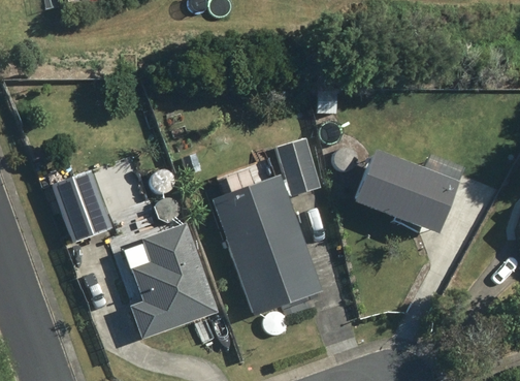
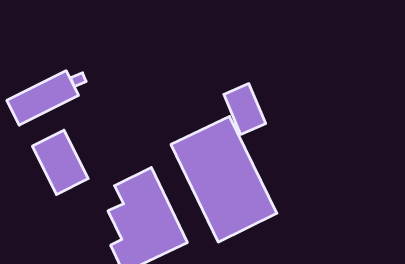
building: none -> [7,71,78,125]
building: [354,147,458,231] -> none

